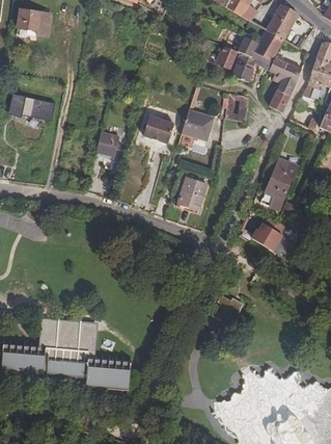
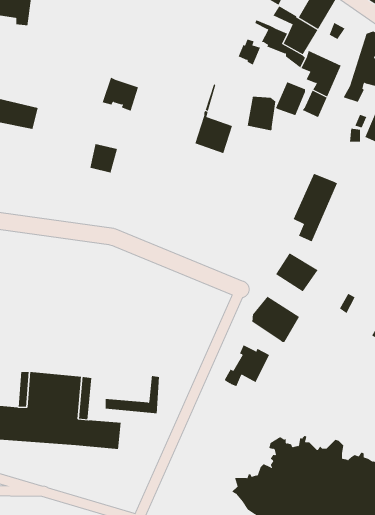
building: [230,53,255,81] -> [275,81,306,116]
building: [143,114,173,142] -> [102,77,139,111]
building: [177,178,205,209] -> none
building: none -> [252,296,300,343]
building: [85,359,130,390] -> [105,375,160,414]

